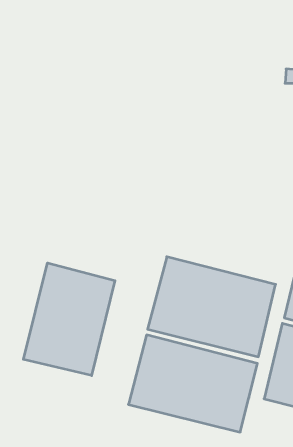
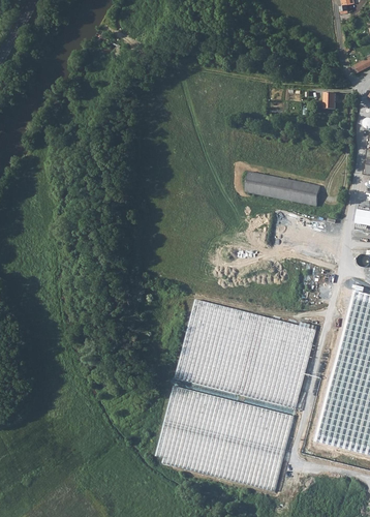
building: none -> [245,171,320,205]
building: [23,263,115,376] -> none

